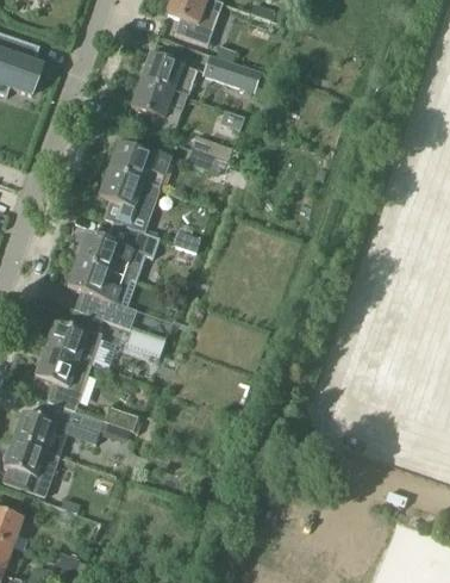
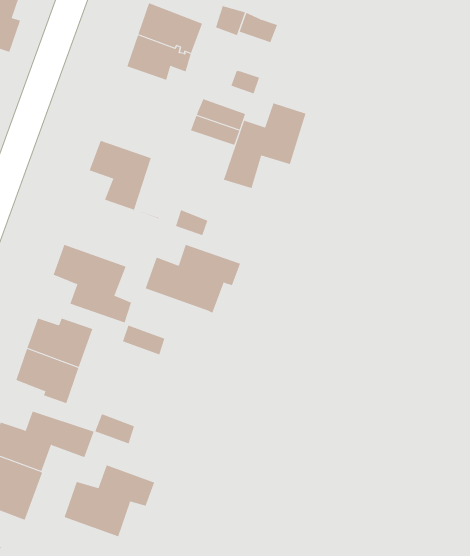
building: none -> [223,103,306,189]
building: [107,143,169,188] -> none
building: [76,222,158,281] -> [145,244,241,314]
building: none -> [64,464,155,537]

